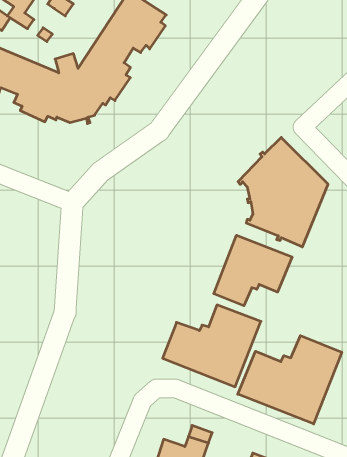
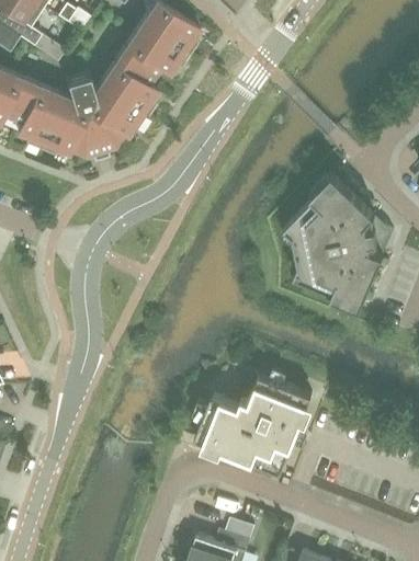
building: [214,235,292,306] -> none
building: [238,336,342,424] -> none

